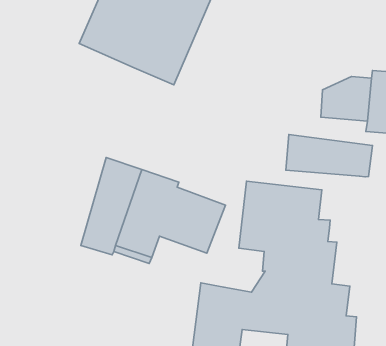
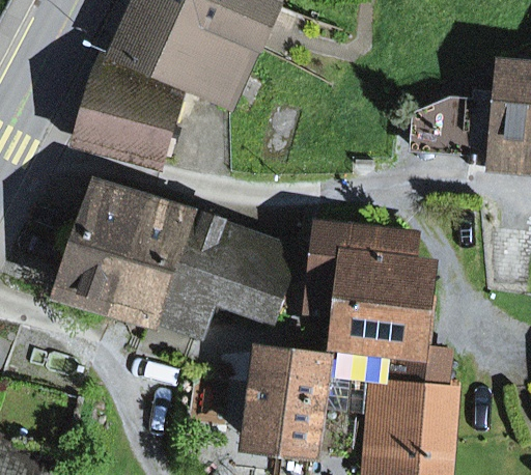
building: none -> [79,55,181,160]
building: [286,134,372,177] -> none
building: none -> [60,178,147,303]

